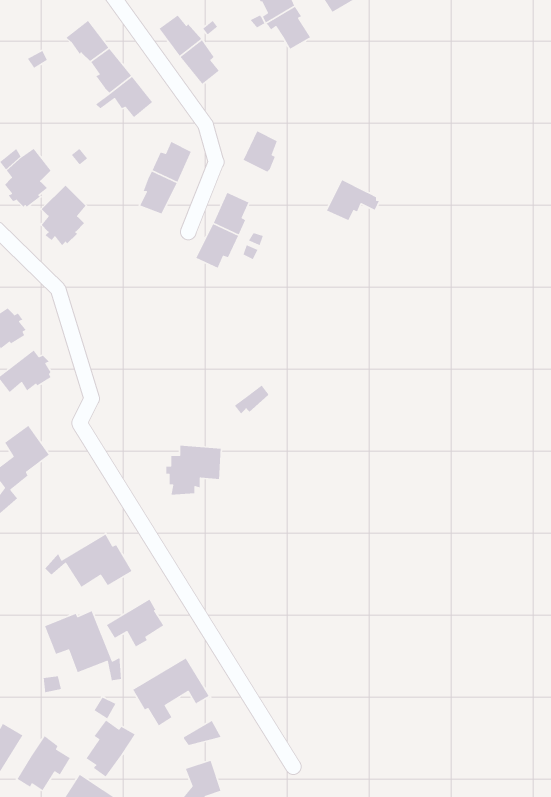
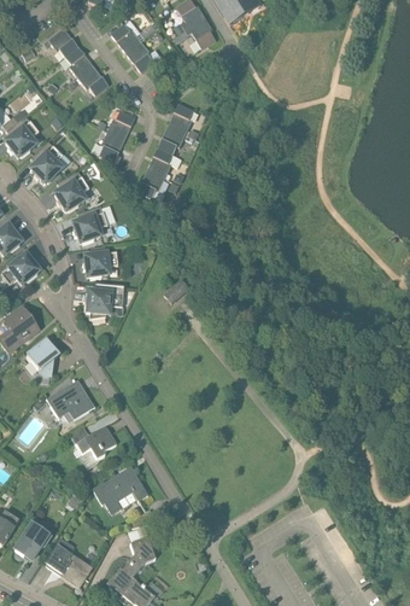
building: [326,179,380,221] -> [158,123,195,152]
building: none -> [54,169,88,210]
building: none -> [72,204,107,243]
building: none -> [82,245,117,276]
building: [165,445,222,496] -> [84,282,123,317]
building: none -> [25,338,54,373]
building: [43,610,122,681] -> none
building: [85,720,136,778] -> none

